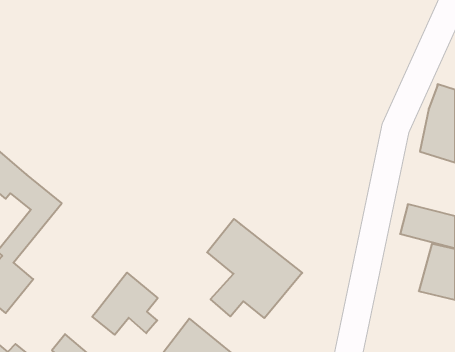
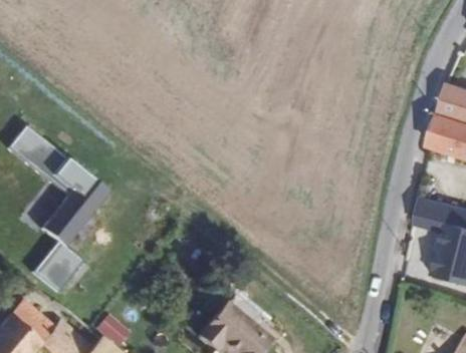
building: [207,219,302,318] -> none
building: [92,273,158,335] -> none

